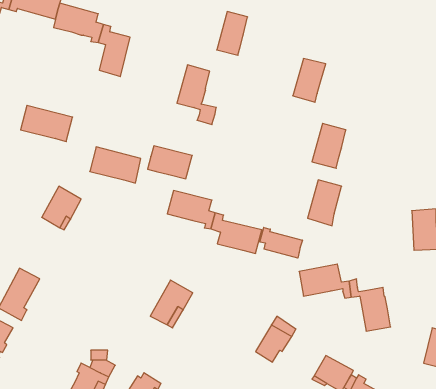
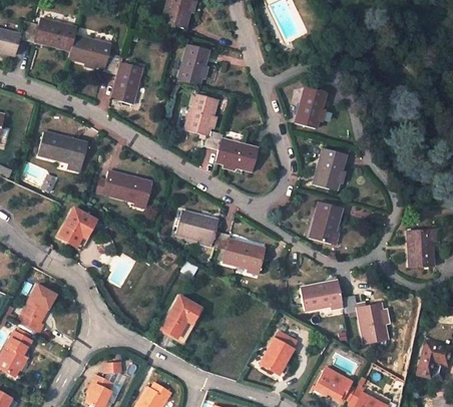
building: [217,12,248,55] -> [178,44,207,85]
building: [148,146,192,179] -> [215,139,258,170]
building: [260,227,302,258] -> none

